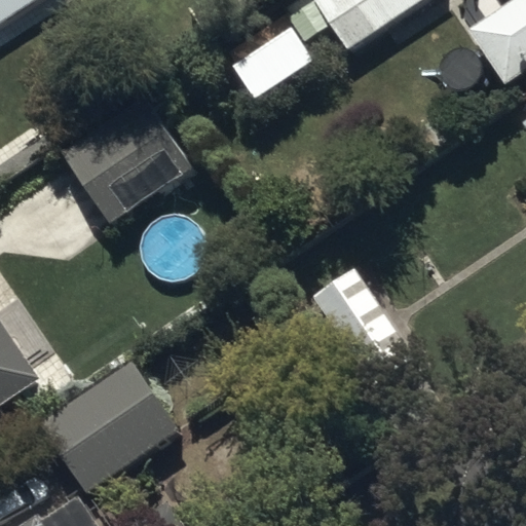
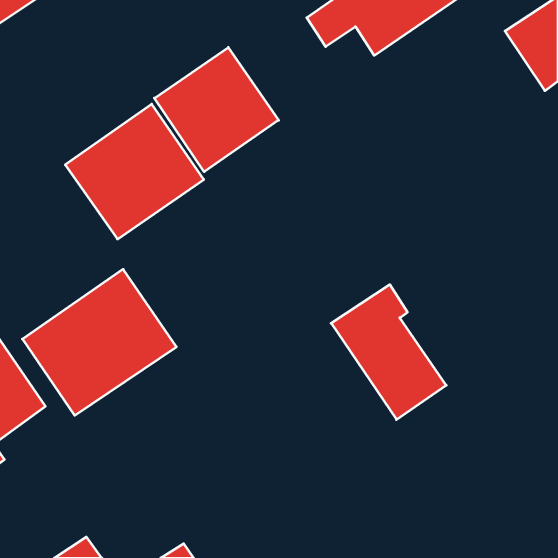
building: none -> [154,47,279,172]
building: [37,359,180,494] -> [22,269,176,415]

